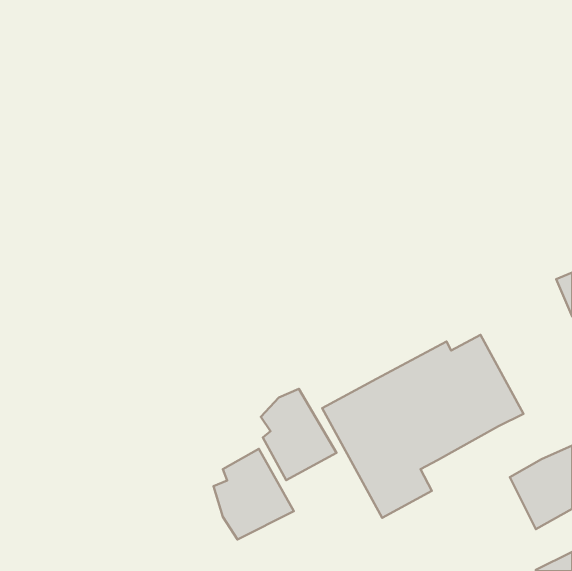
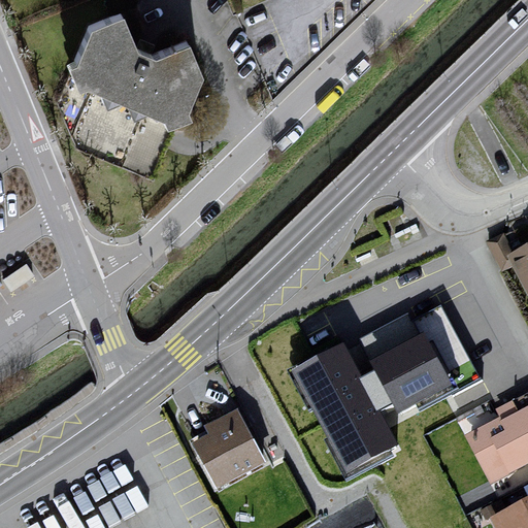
building: none -> [68,12,204,123]
building: [261,389,337,480] -> none

